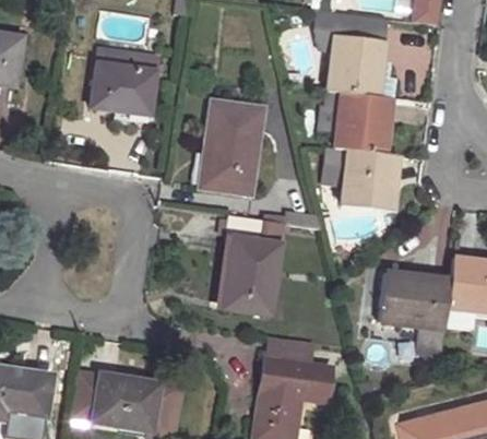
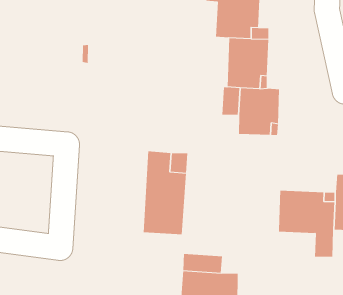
building: [90,47,158,114] -> none
building: [205,102,261,194] -> none

